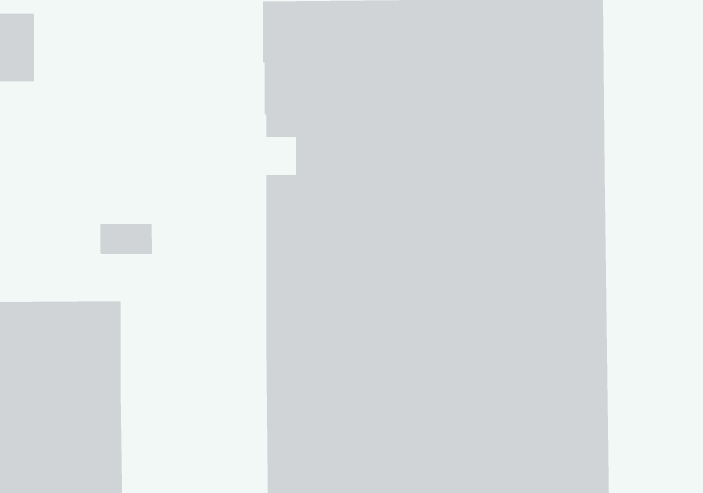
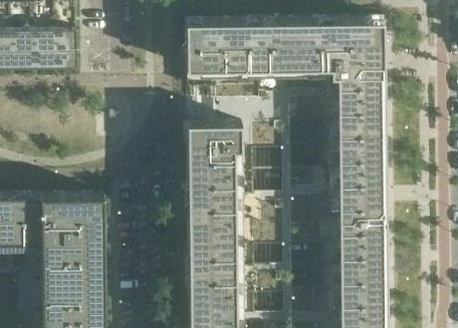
building: none -> [52,30,75,70]
building: [99,223,153,255] -> none

